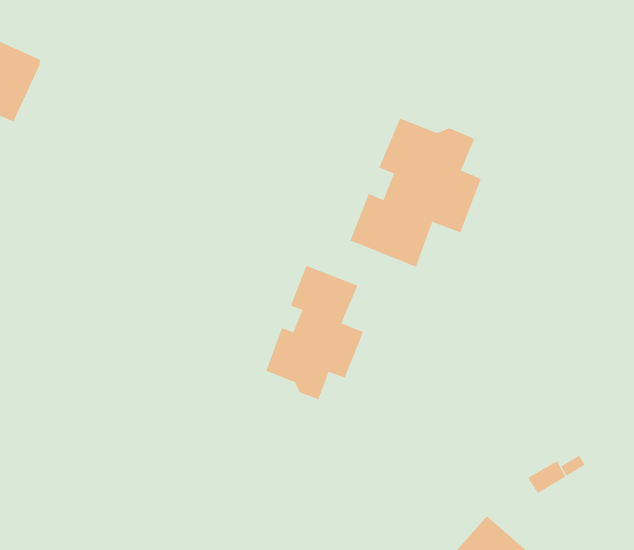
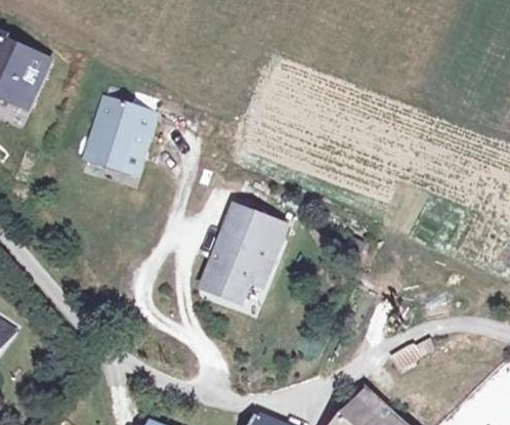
building: none -> [85,99,157,170]
building: [350,118,481,267] -> none

